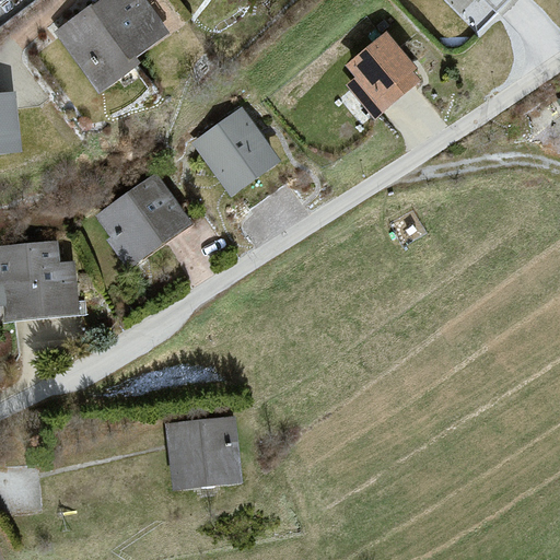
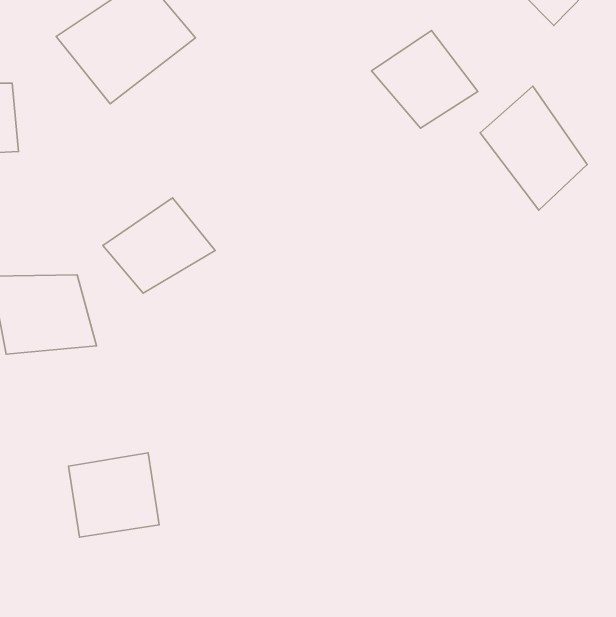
building: none -> [480,86,587,210]
building: [192,109,283,192] -> none
building: [156,408,237,483] -> [69,453,159,537]

